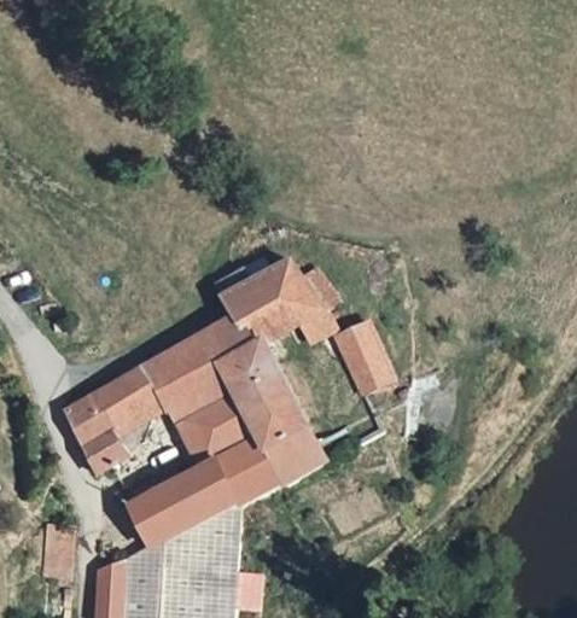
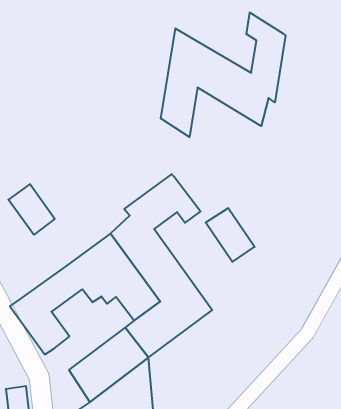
building: none -> [161,12,285,137]
building: none -> [8,184,55,235]

